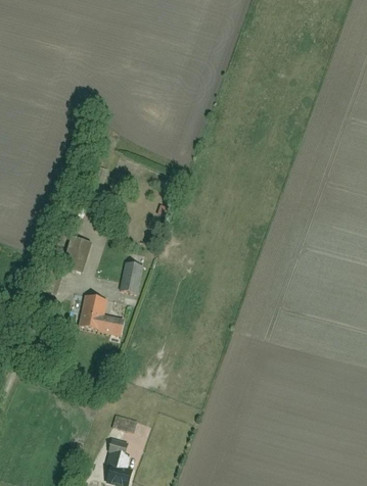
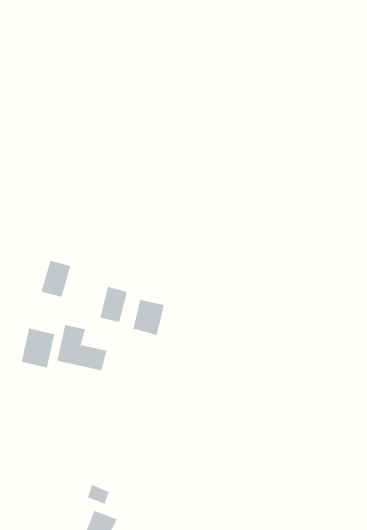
building: none -> [133,299,165,336]
building: none -> [21,327,55,368]

